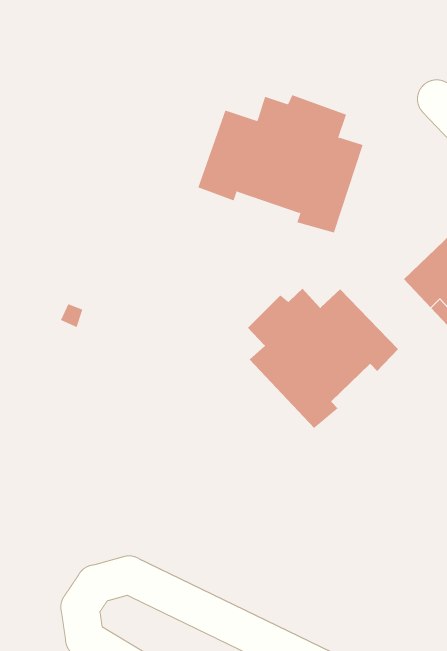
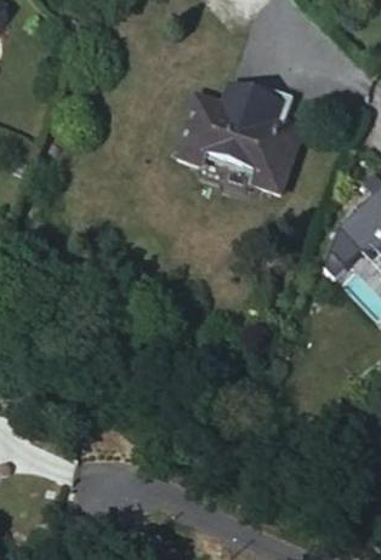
building: [247,288,399,429] -> none

